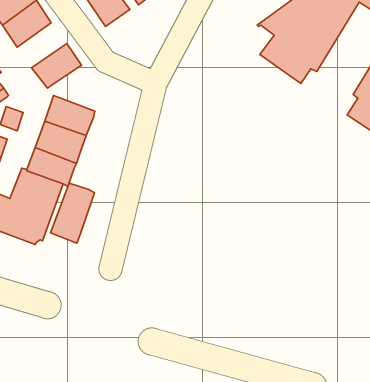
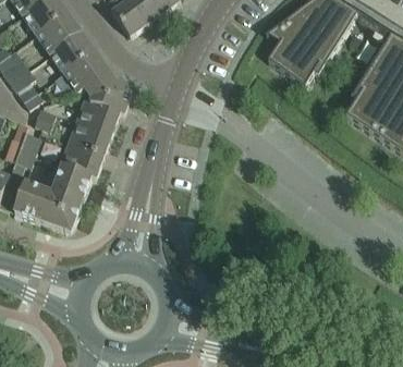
building: none -> [49,32,94,72]
building: none -> [81,70,131,113]
building: [51,183,94,243] -> none

